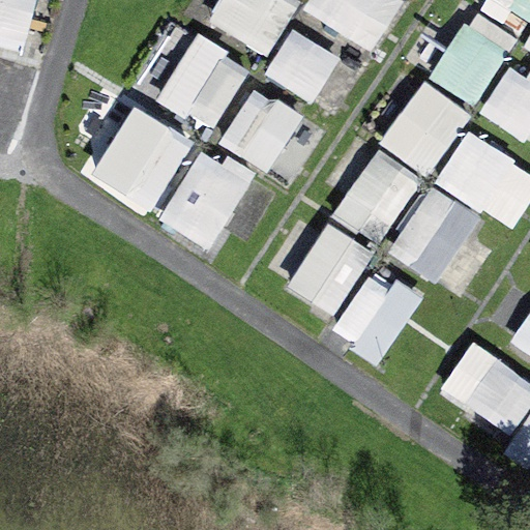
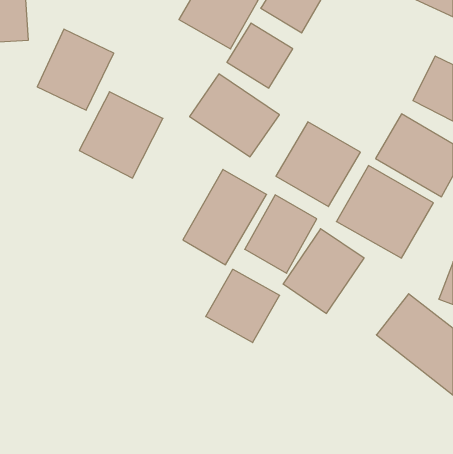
building: [432,11,518,105] -> none
building: [159,35,248,129] -> [37,29,114,110]
building: [379,82,470,174] -> none
building: [158,144,256,255] -> [183,169,267,265]
building: none -> [206,269,280,343]

